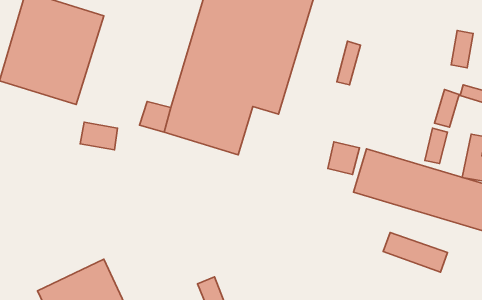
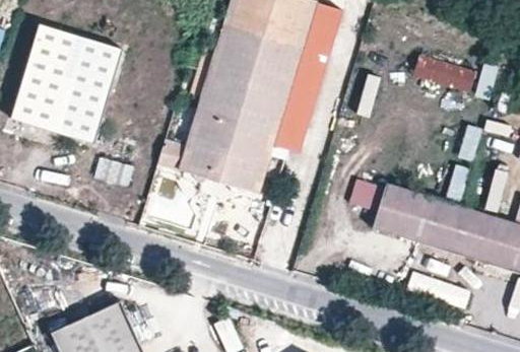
building: none -> [413,57,478,93]

